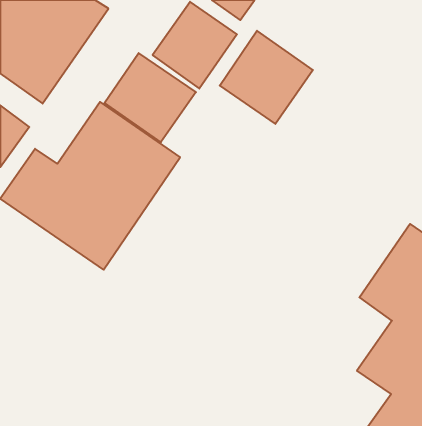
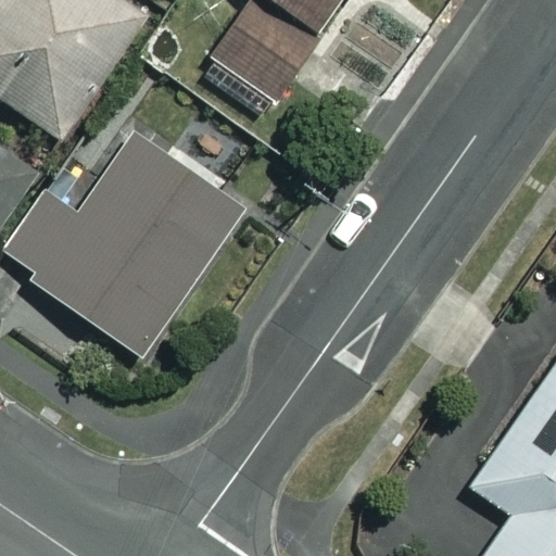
building: [220,31,313,124] -> none
building: [104,53,196,142] -> none

